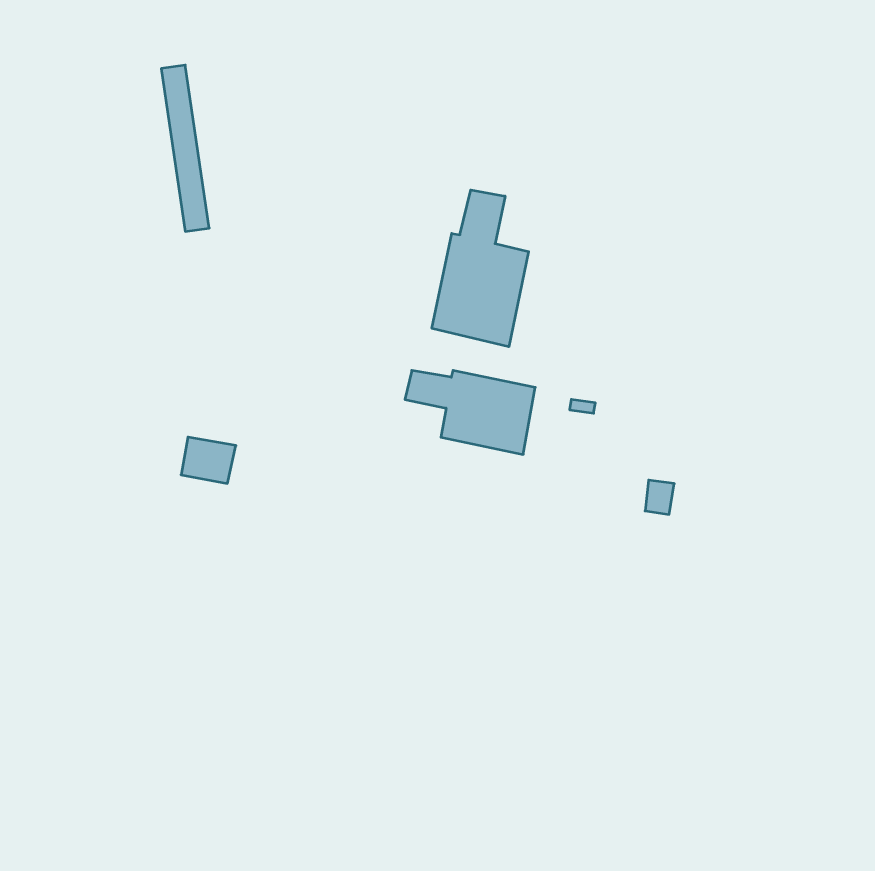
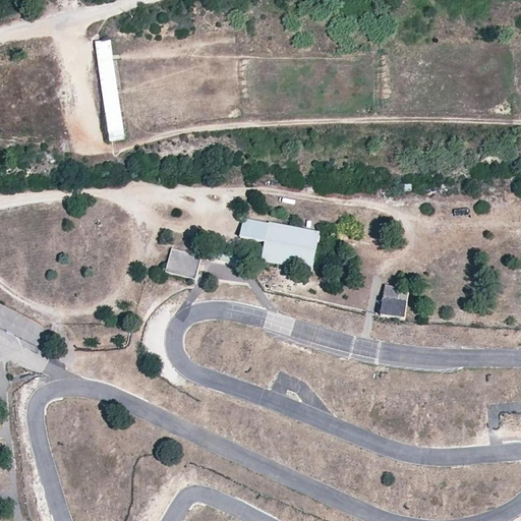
building: [432,190,529,347] -> none
building: [181,437,236,483] -> [167,248,199,276]

